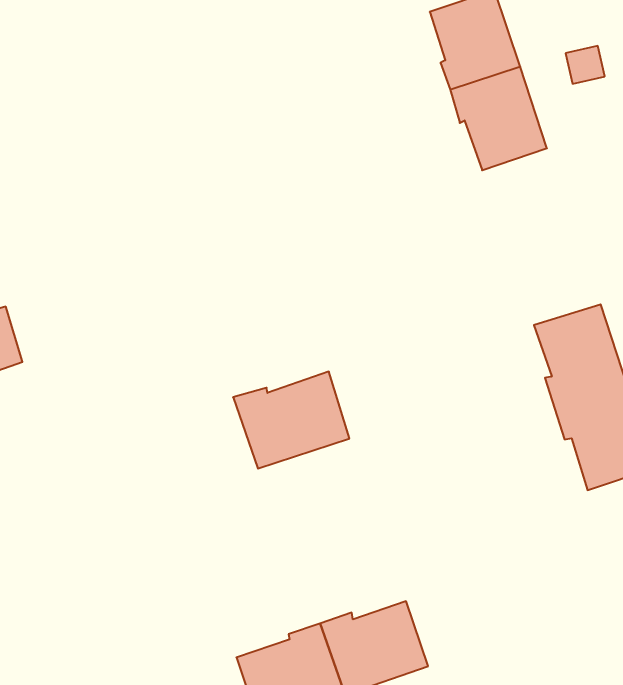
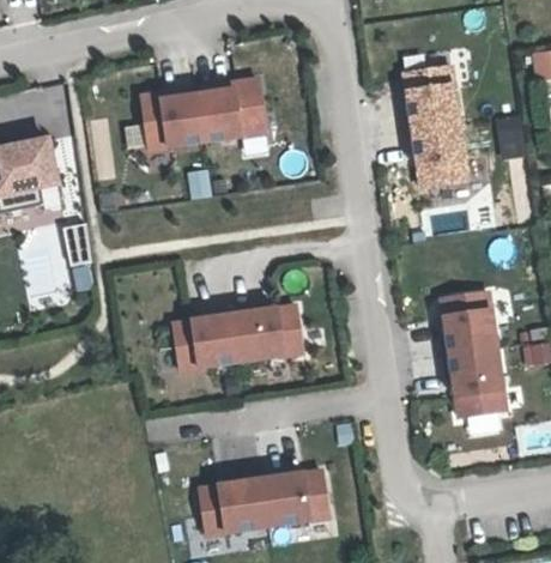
building: none -> [141,78,261,149]
building: none -> [174,310,237,370]

